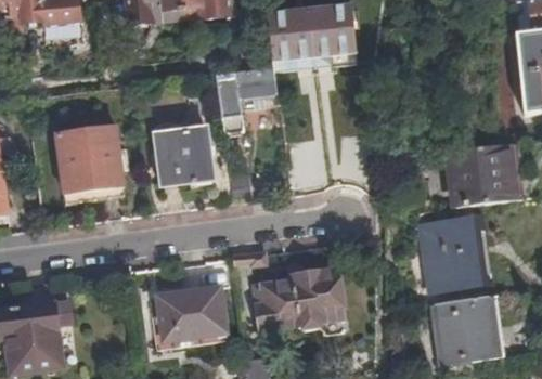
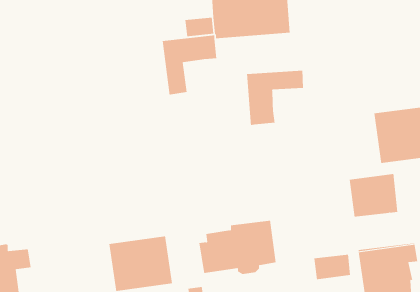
building: none -> [247,70,304,126]
building: [155,125,212,184] -> none
building: [56,126,126,202] -> none
building: [426,261,467,289] -> [313,254,351,280]

